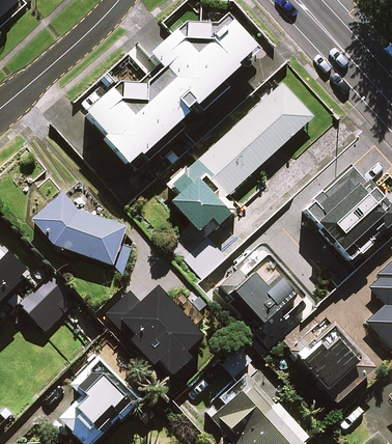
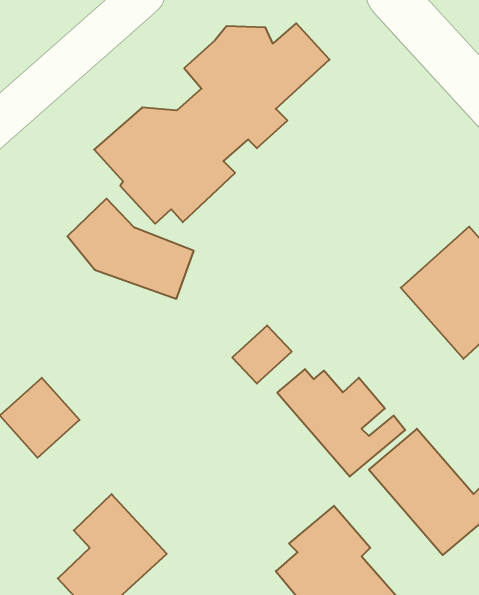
building: [171,83,312,229] -> none
building: [34,193,124,265] -> [67,199,194,299]
building: [103,286,202,378] -> none

